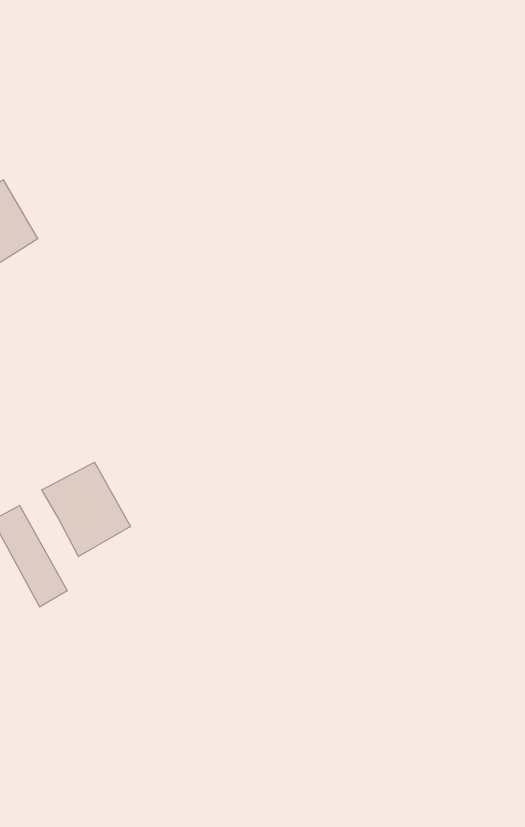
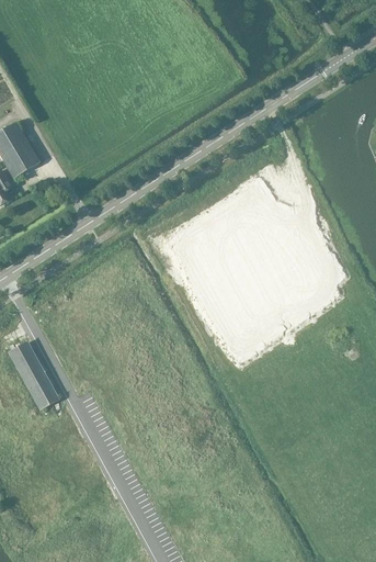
building: [42,462,131,557] -> none

